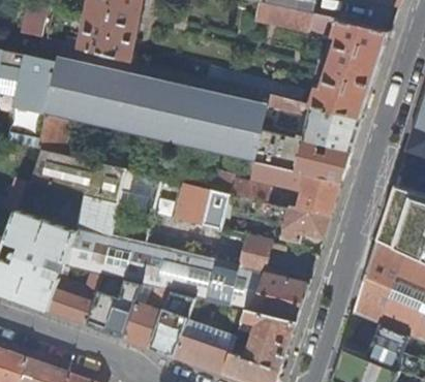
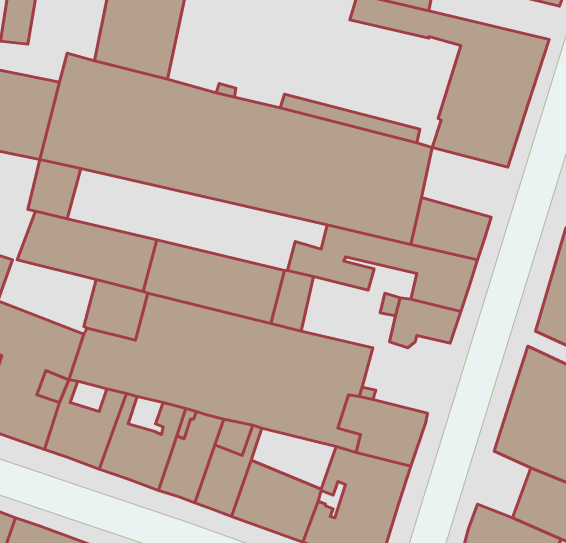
building: [303,106,362,154] -> none

